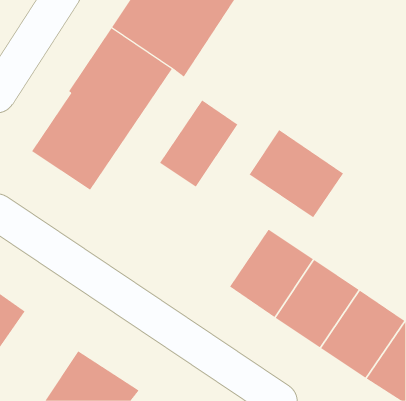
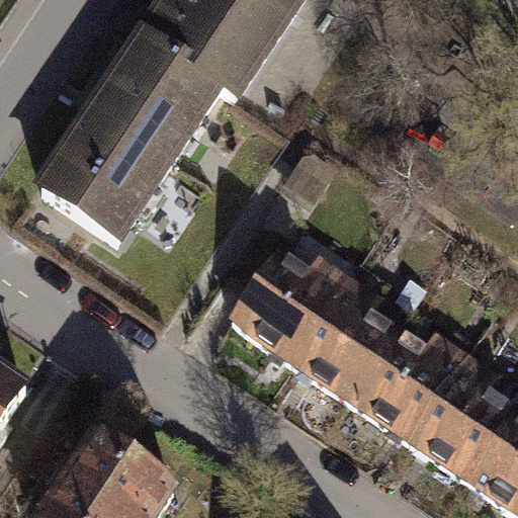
building: [159,100,238,187] -> none
building: [249,129,344,218] -> none
building: none -> [231,250,339,362]

